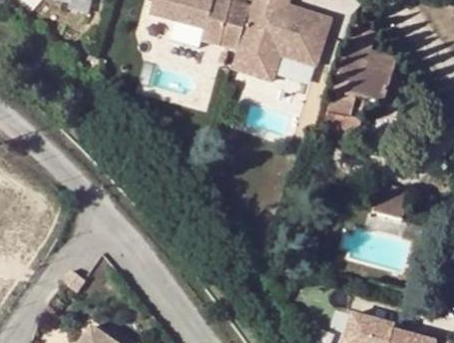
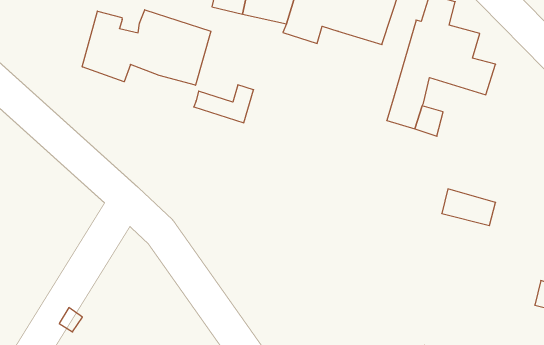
building: none -> [82,10,211,85]
building: [232,52,281,83] -> [194,85,254,123]

